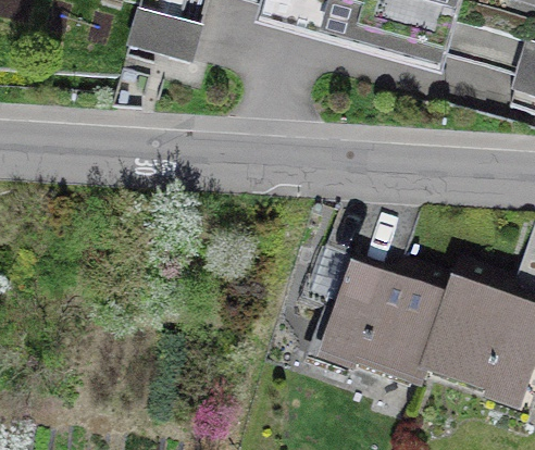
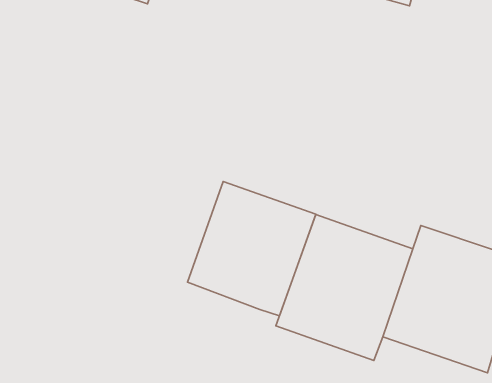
building: none -> [187,182,316,316]

